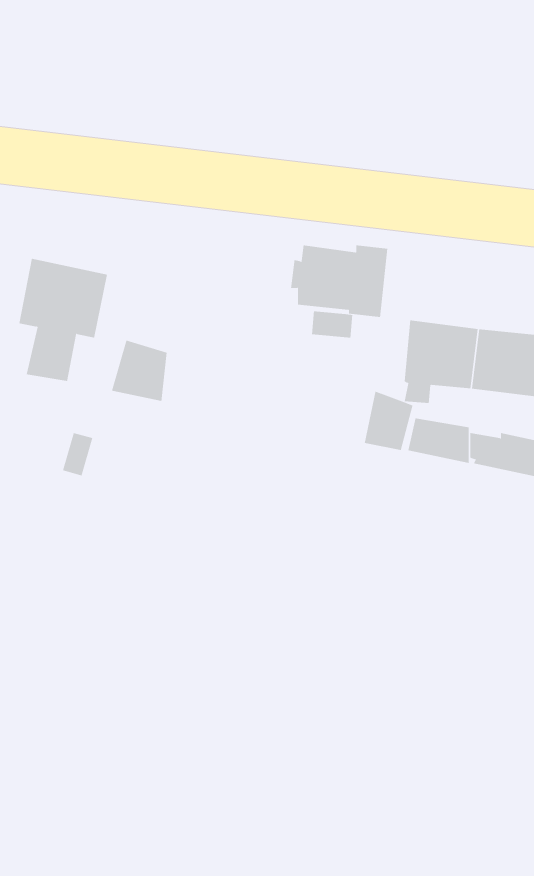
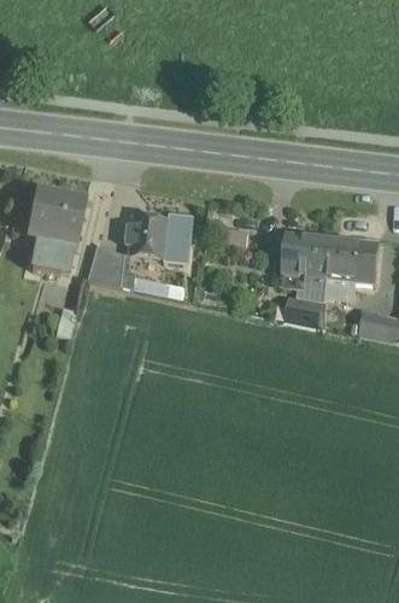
building: [290,245,388,318] -> [125,215,190,263]
building: [364,391,413,451] -> none

